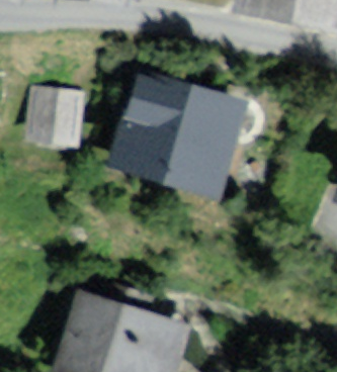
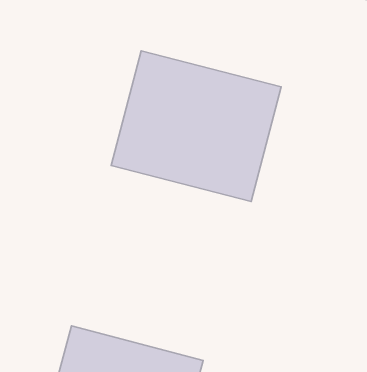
building: [25,84,87,146] -> none

